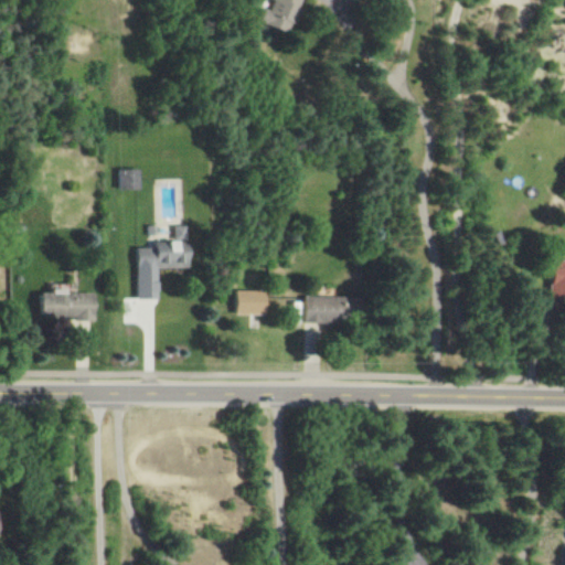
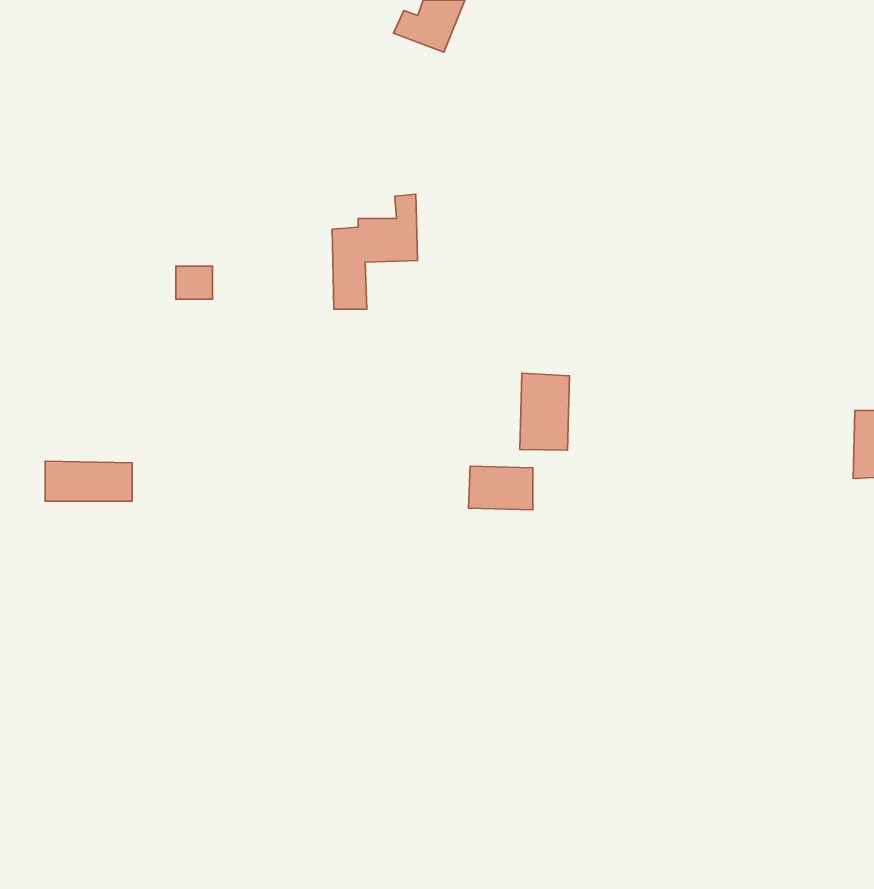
building: [138,226,192,299] -> [332,194,417,309]
building: none -> [520,373,570,450]
building: [238,290,268,315] -> none

